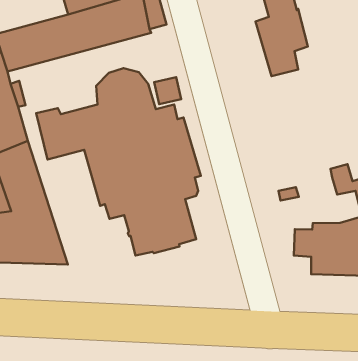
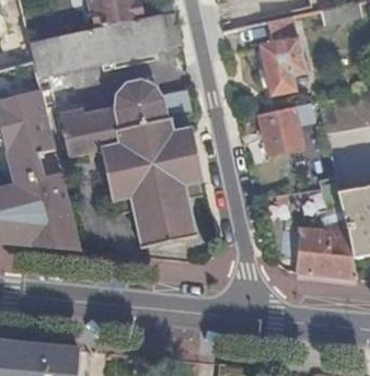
building: none -> [258,102,314,154]

